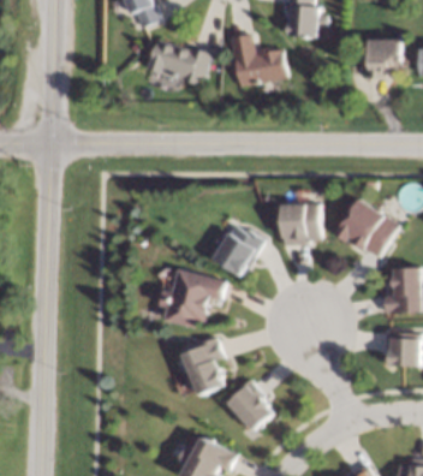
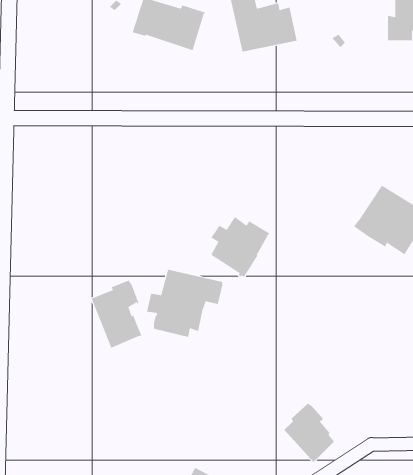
building: [282,203,321,245] -> none
building: [184,338,227,395] -> [91,280,142,348]
building: [230,380,273,430] -> [284,403,335,463]

